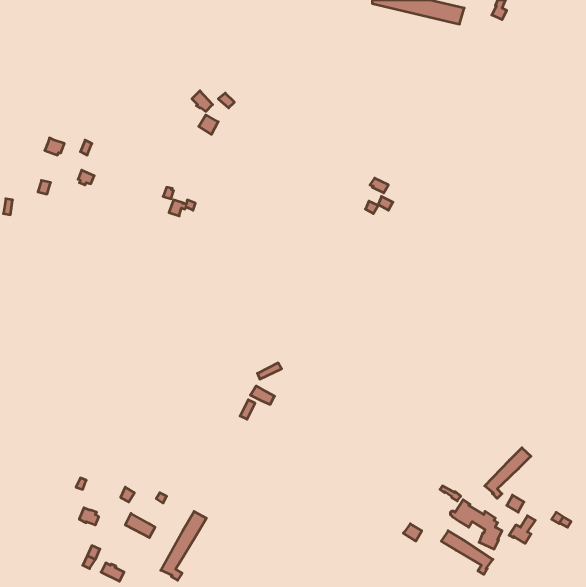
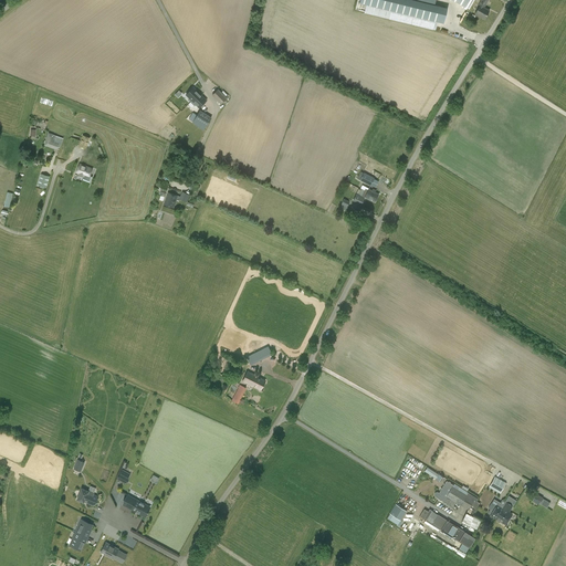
building: [485,448,531,498] -> none
building: [161,511,206,580] -> none

